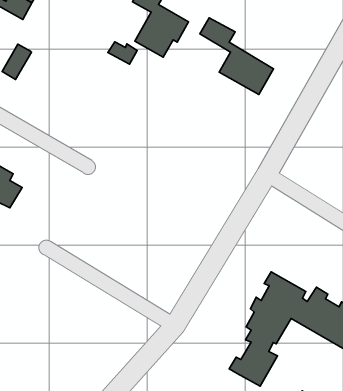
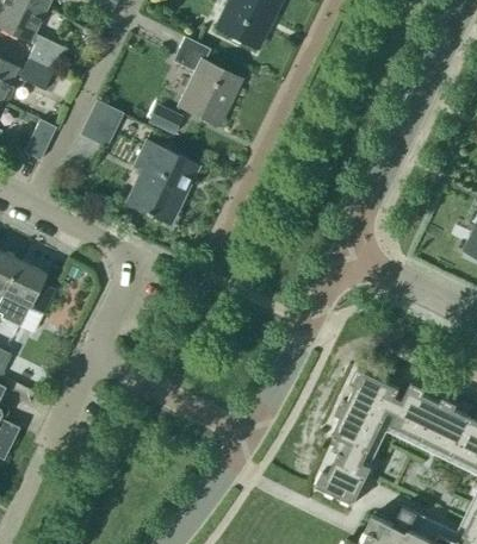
building: [200,18,274,95] -> none
building: none -> [80,101,119,146]
building: none -> [125,139,199,225]

